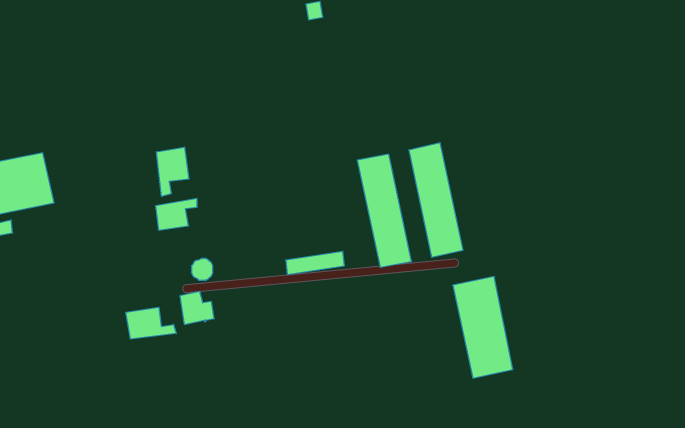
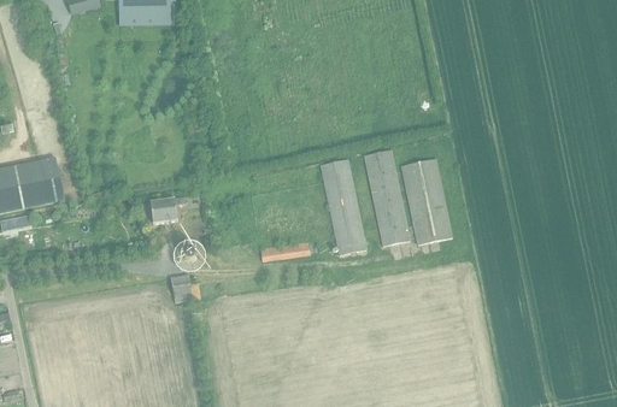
building: [157,147,189,196] -> none
building: [453,277,513,378] -> [400,158,451,243]
building: [126,307,176,339] -> none

